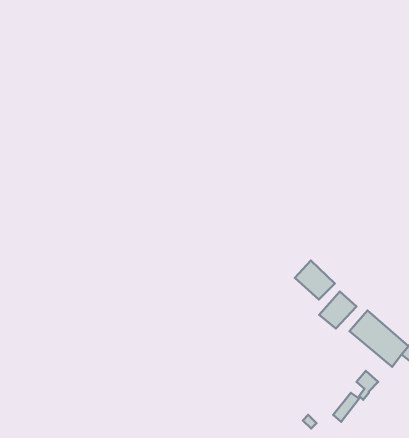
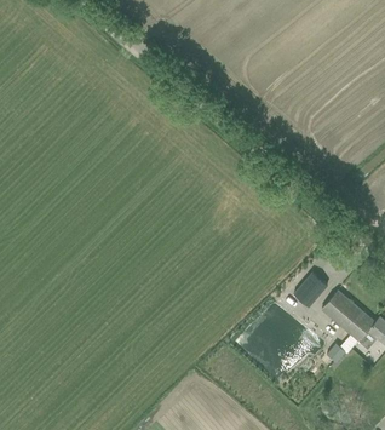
building: [295,261,335,299] -> none

